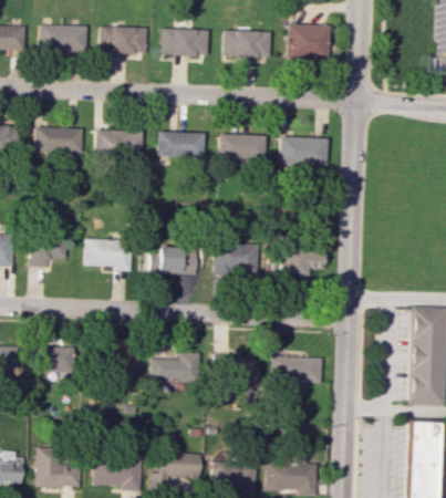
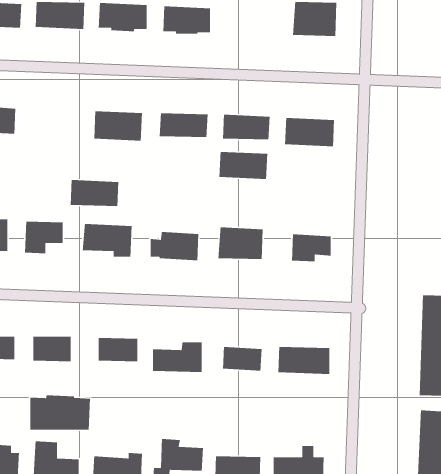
building: [224,30,270,58] -> none
building: [35,126,83,153] -> [70,179,119,207]
building: none -> [218,151,268,180]
building: none -> [29,395,91,431]

